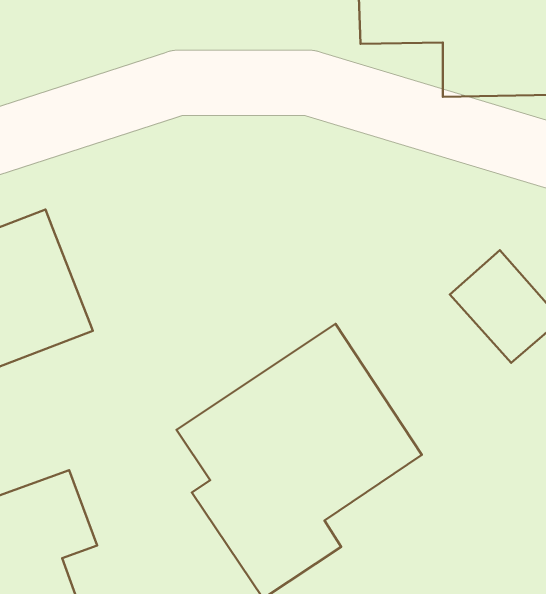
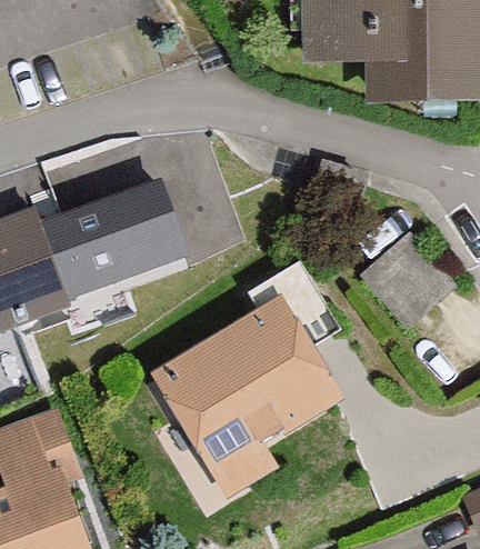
building: none -> [49,171,196,290]

